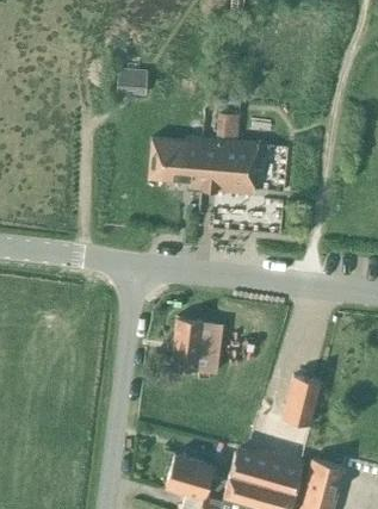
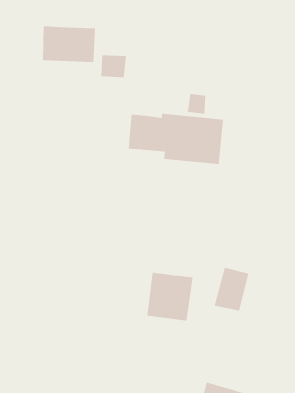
building: none -> [42,25,96,63]
building: [281,375,322,426] -> [214,267,249,311]

